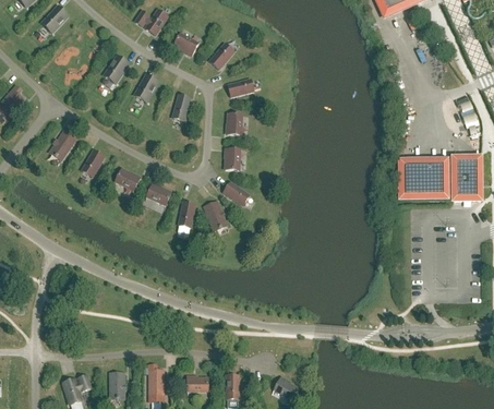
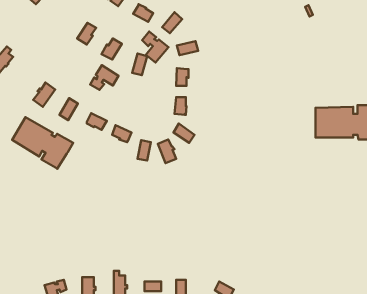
building: none -> [142,32,169,63]
building: none -> [90,65,119,90]
building: none -> [12,117,73,169]

